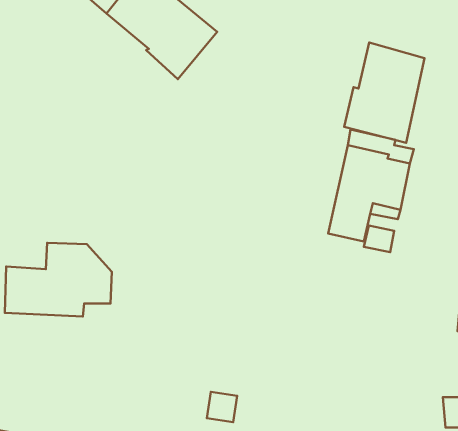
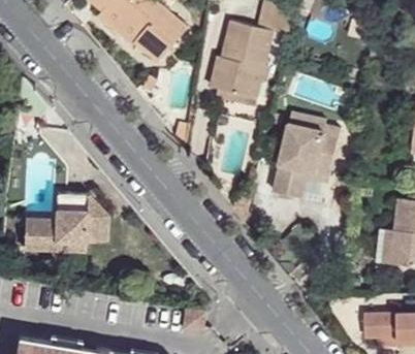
building: [344,42,425,143] -> [209,20,272,98]

